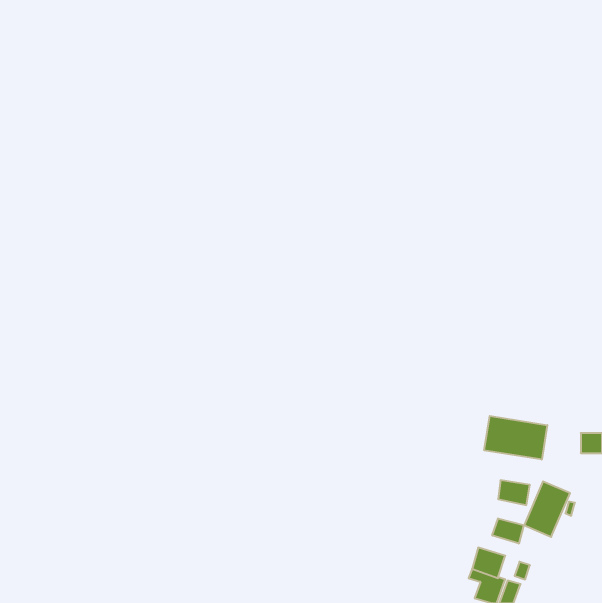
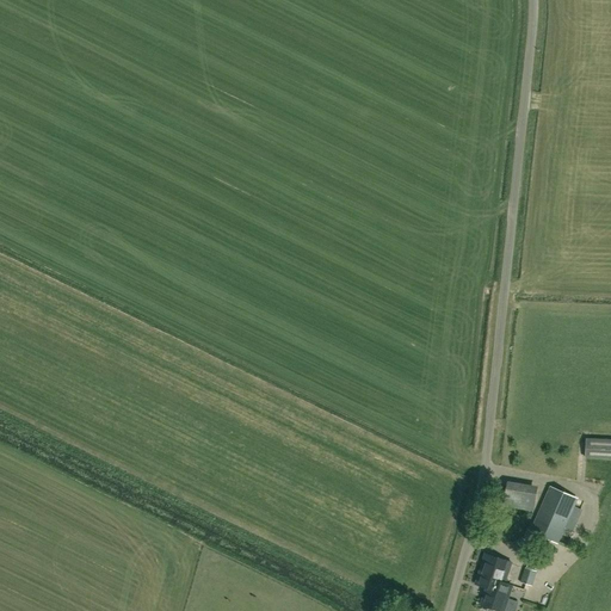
building: [484,416,547,460] -> none
building: [492,518,524,544] -> none

